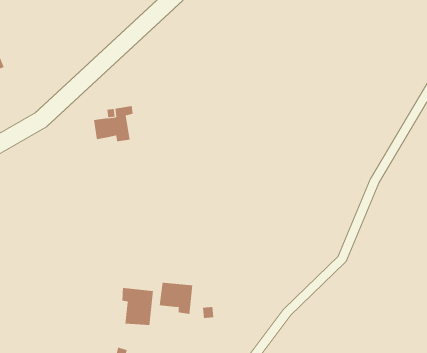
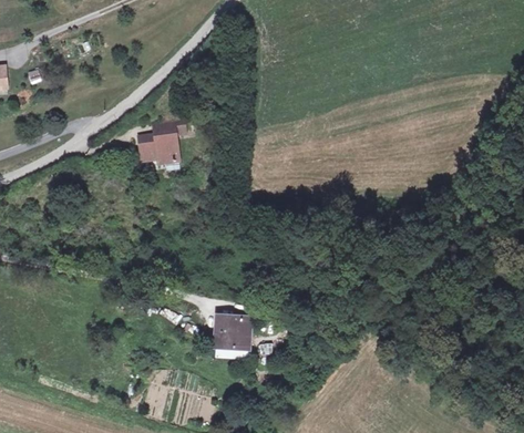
building: [122,287,154,326] -> none

